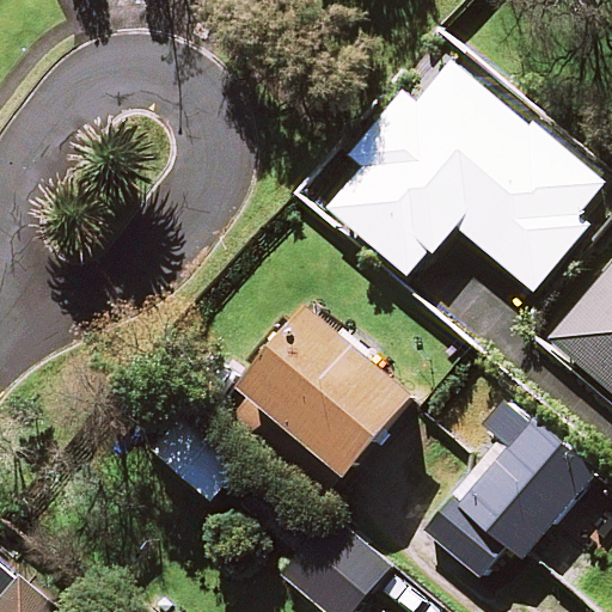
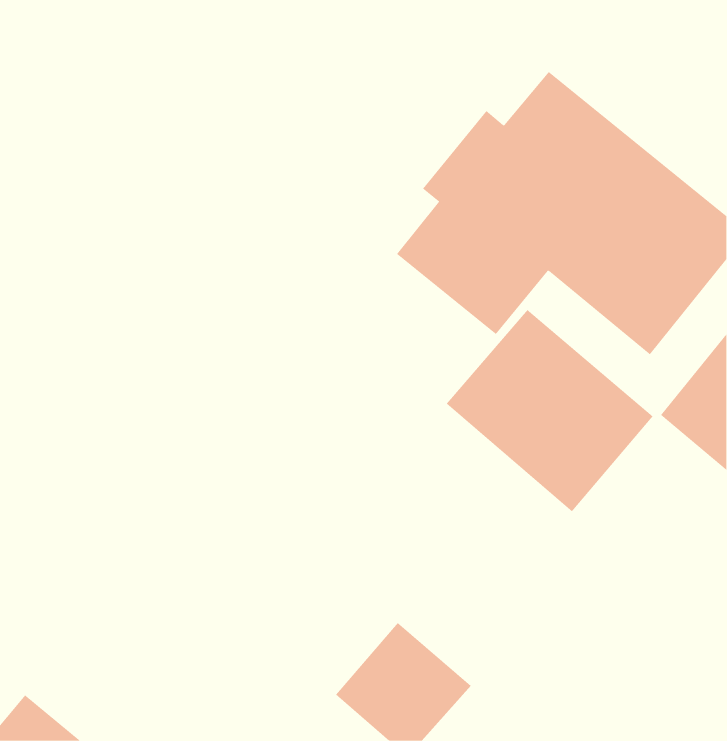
building: [245,308,416,476] -> [446,309,653,512]
building: [426,397,592,576] -> none

